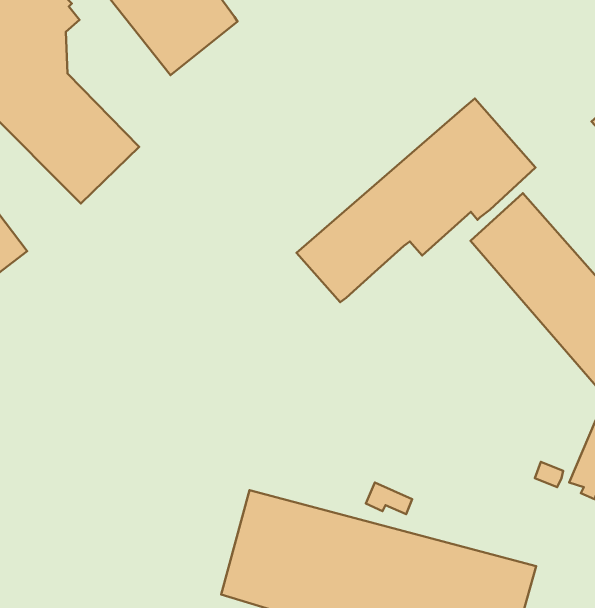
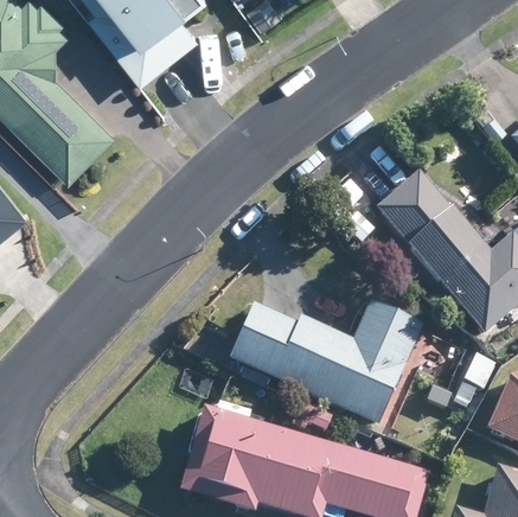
building: [296,98,535,302] -> none
building: none -> [229,301,420,422]

